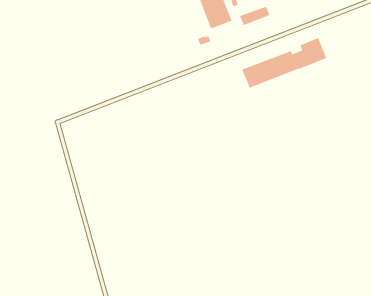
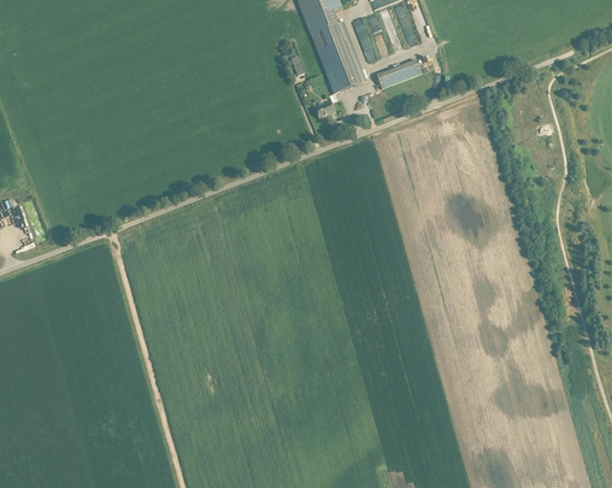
building: [242,37,327,89] -> none

